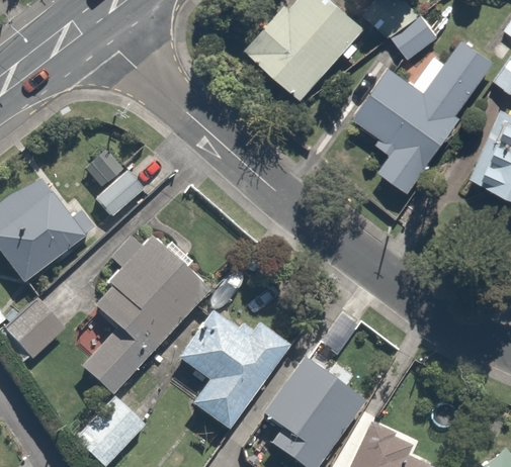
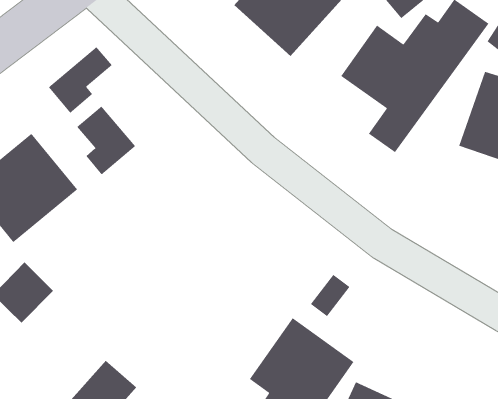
building: none -> [48,46,113,114]
building: [84,226,209,395] -> none
building: [178,311,288,432] -> none

